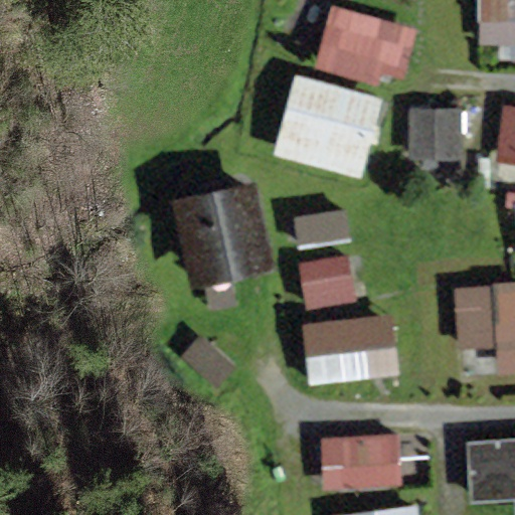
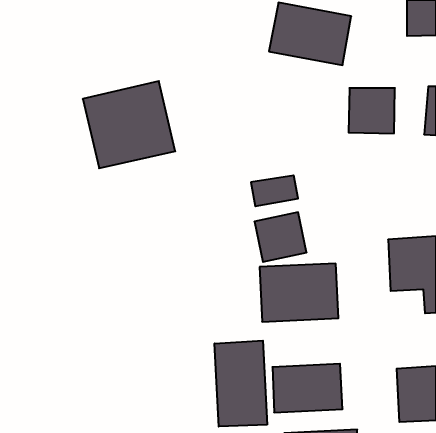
building: [273,73,383,178] -> none
building: [155,191,264,294] -> [83,81,175,168]
building: none -> [215,341,267,427]

